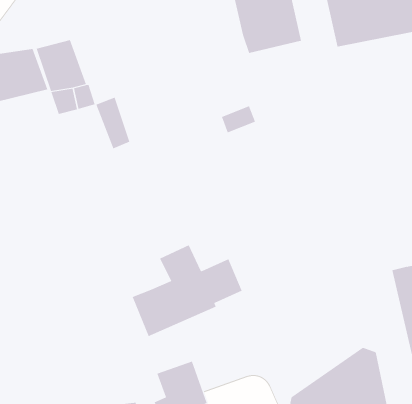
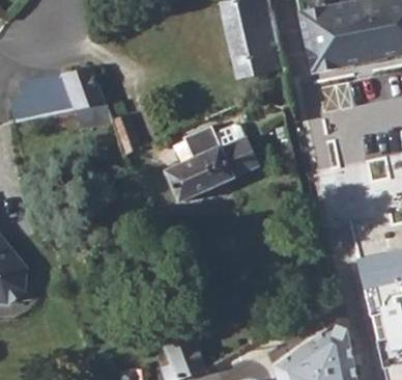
building: [132,245,243,337] -> [163,128,255,205]

